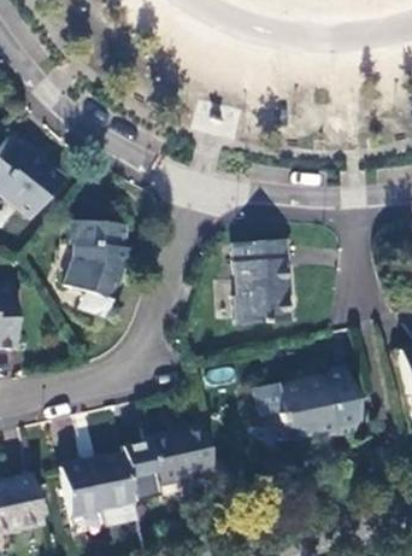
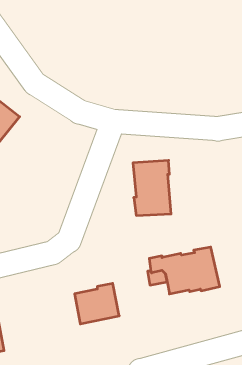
building: [65,220,125,314] -> none
building: [60,456,133,516] -> none

